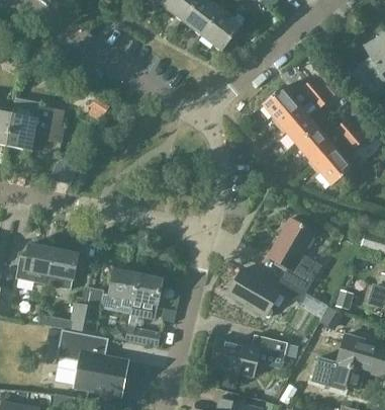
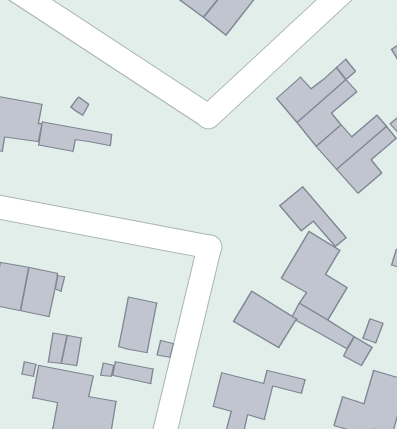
building: none -> [39,122,111,152]
building: none -> [280,187,346,247]
building: [100,267,137,314] -> none

